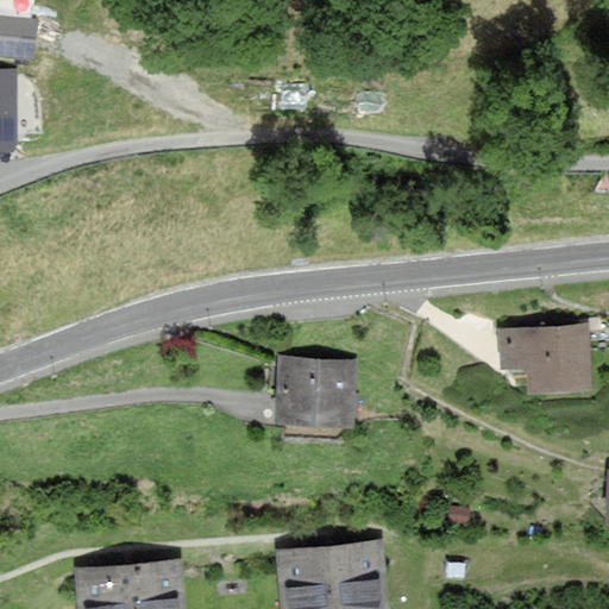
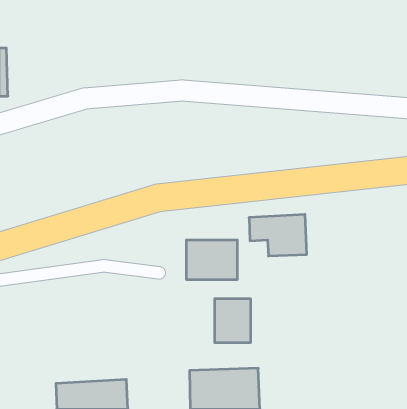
building: [501,326,586,388] -> [249,214,307,256]
building: none -> [215,299,250,343]

